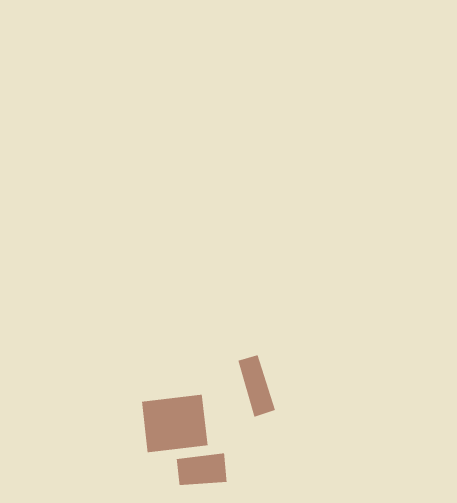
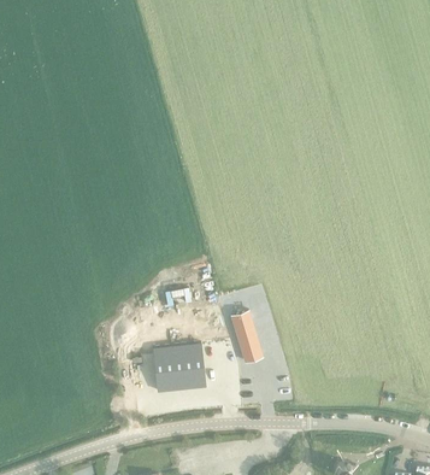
building: [176,452,227,486] -> none

